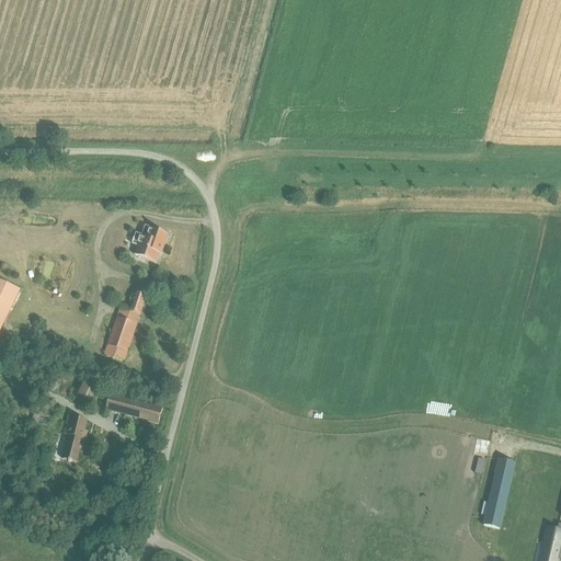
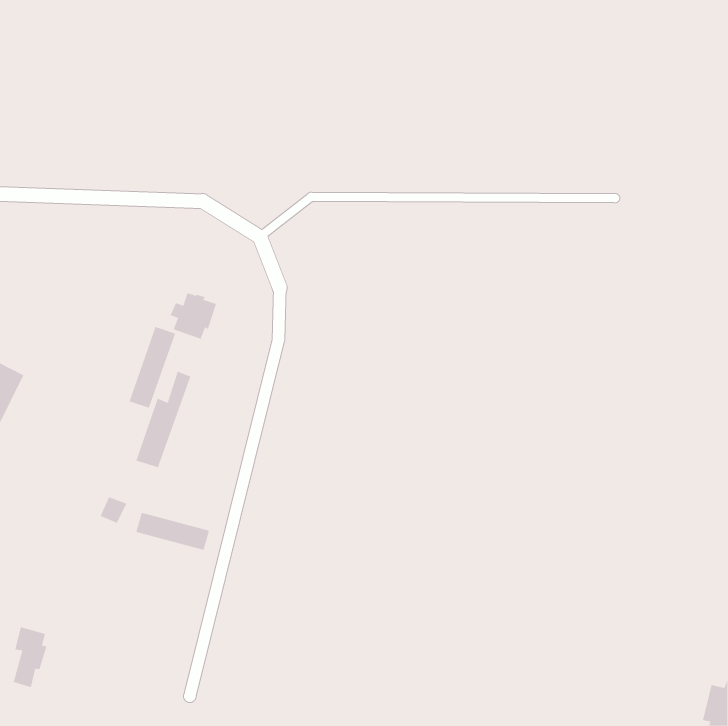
building: none -> [129,326,176,409]
building: [61,414,88,461] -> [13,627,47,688]
building: [482,458,514,528] -> none

